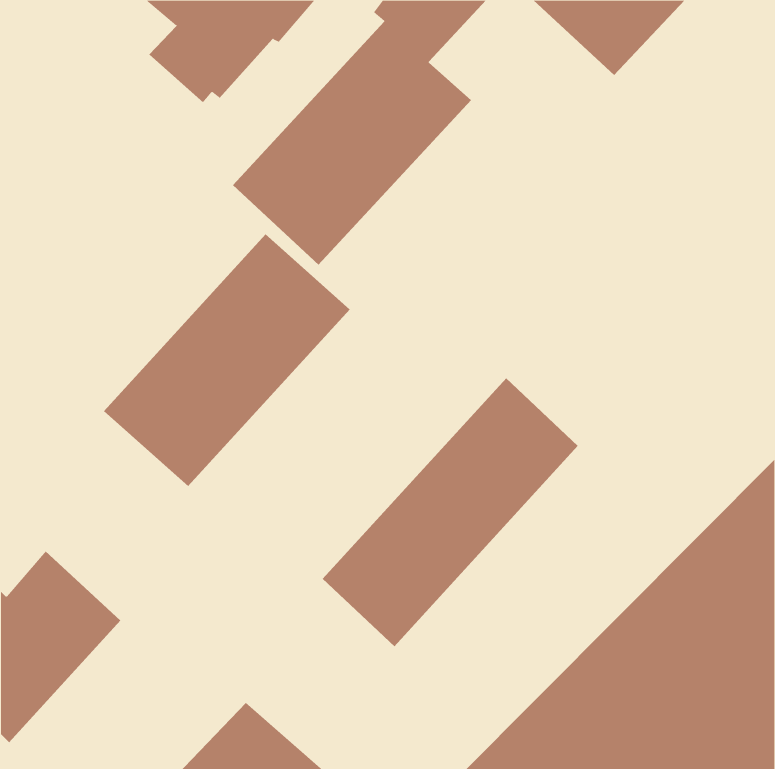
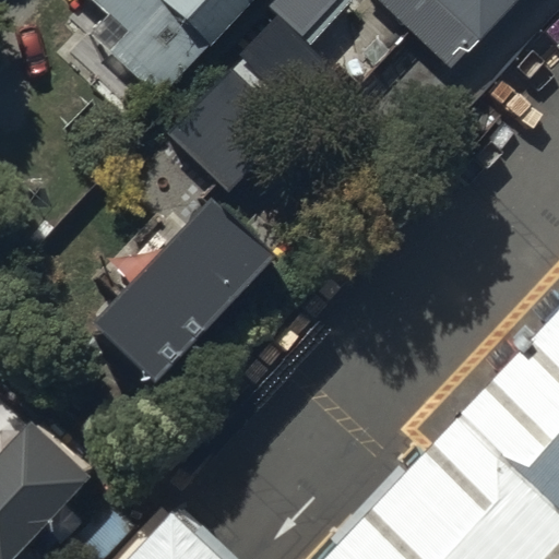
building: [322,377,579,647] -> none

